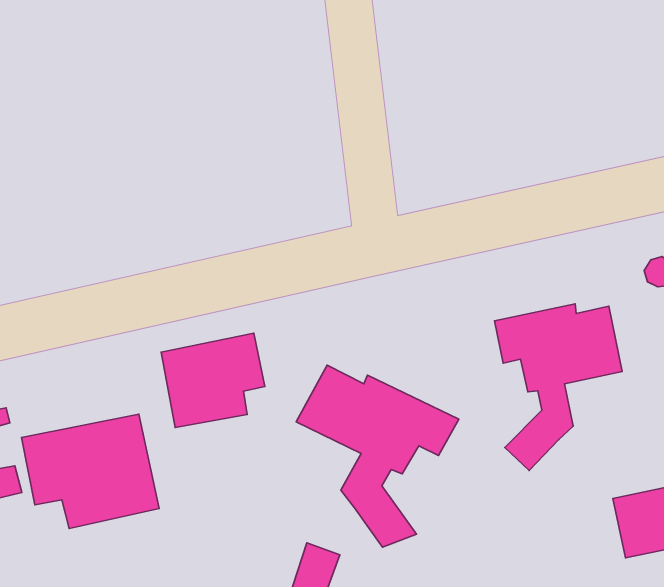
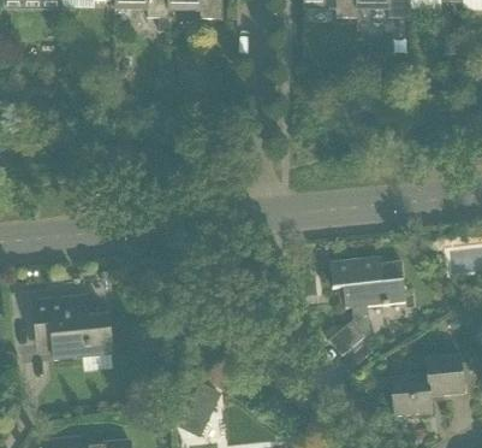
building: [161,333,265,427] -> none
building: [296,365,459,547] -> none

